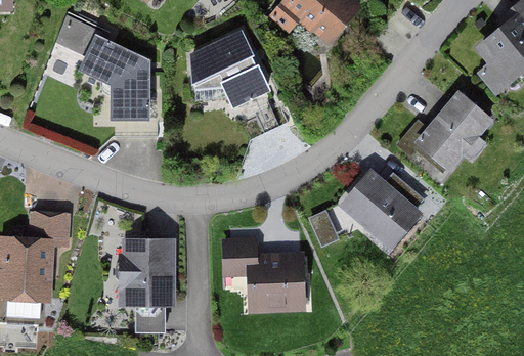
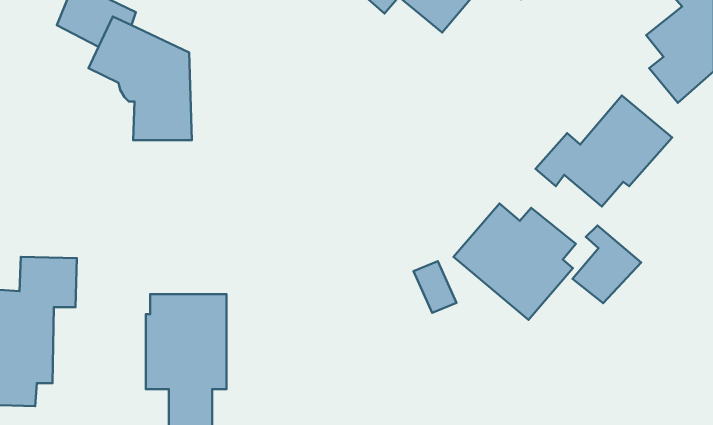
building: [190,32,271,110] -> none
building: none -> [572,225,641,303]
building: [222,237,306,314] -> none

